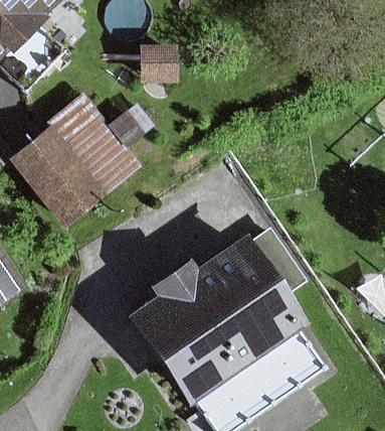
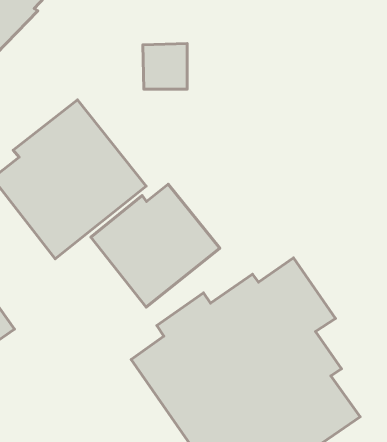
building: none -> [91,184,220,307]

